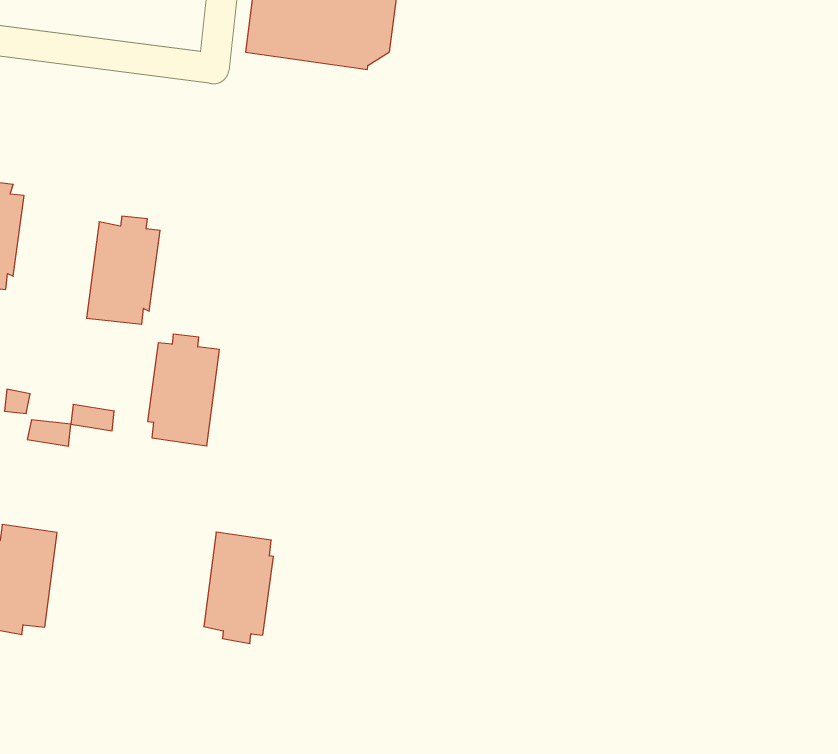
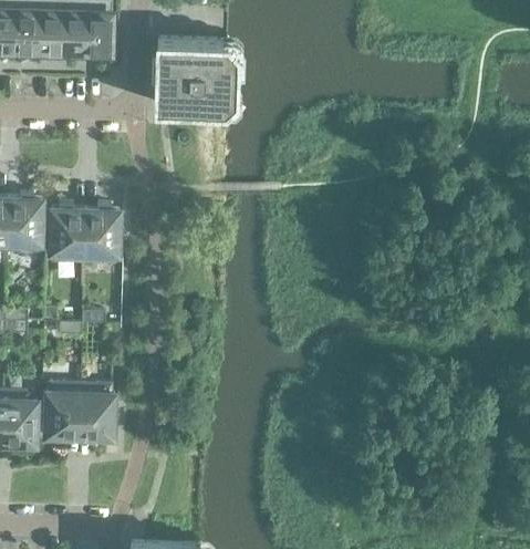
building: [148,334,219,446] -> [49,205,84,265]
building: [204,532,273,644] -> [79,385,113,445]

